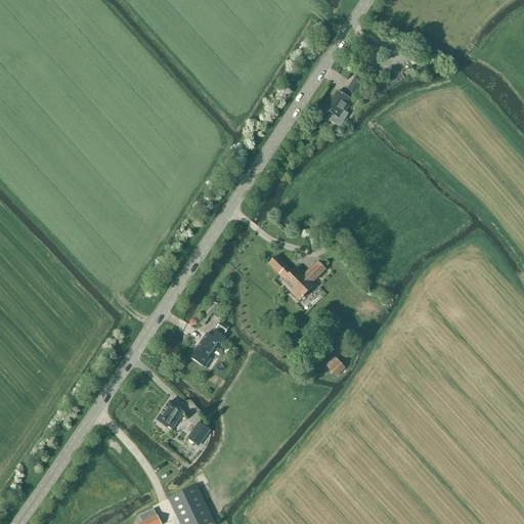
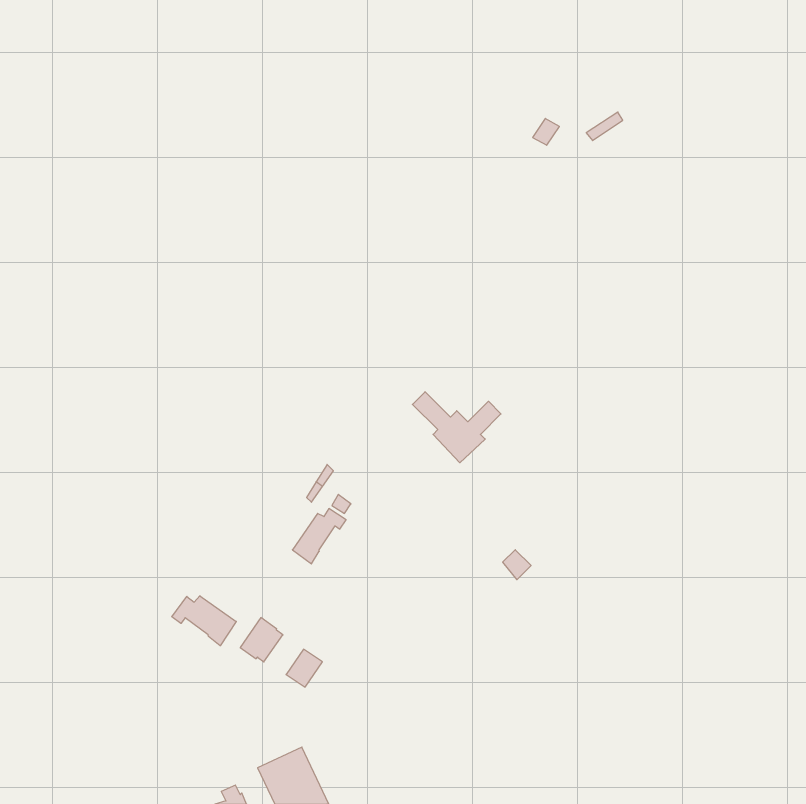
building: [324,91,351,126] -> none
building: none -> [172,596,236,646]

